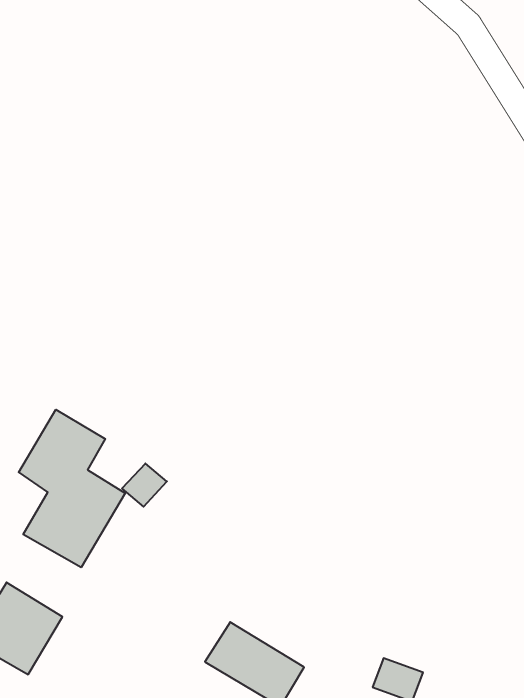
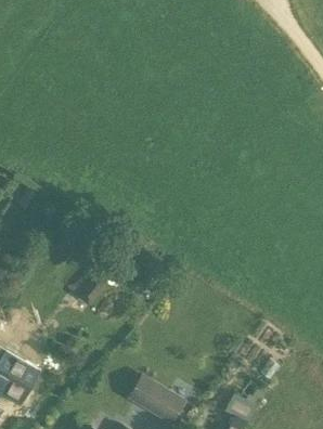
building: [19,410,125,567] -> none

